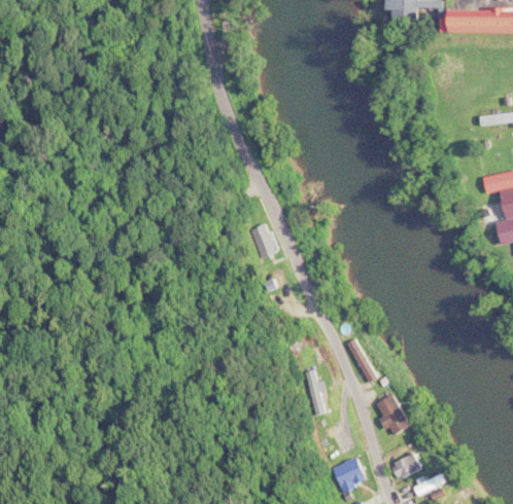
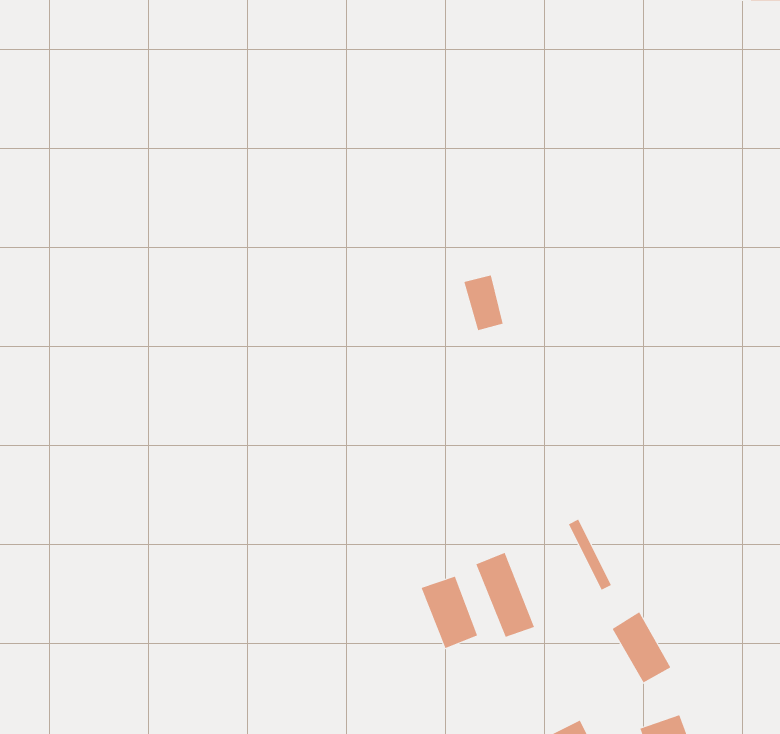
building: [251,224,275,257] -> [463,275,504,331]
building: none -> [421,576,478,649]

